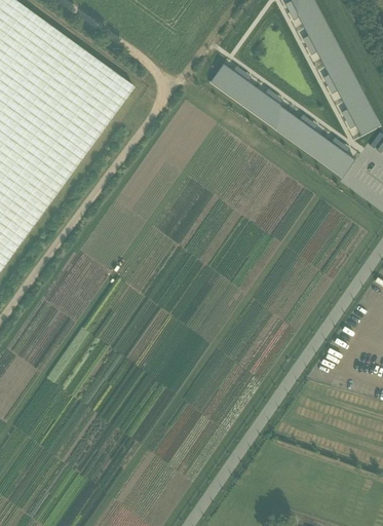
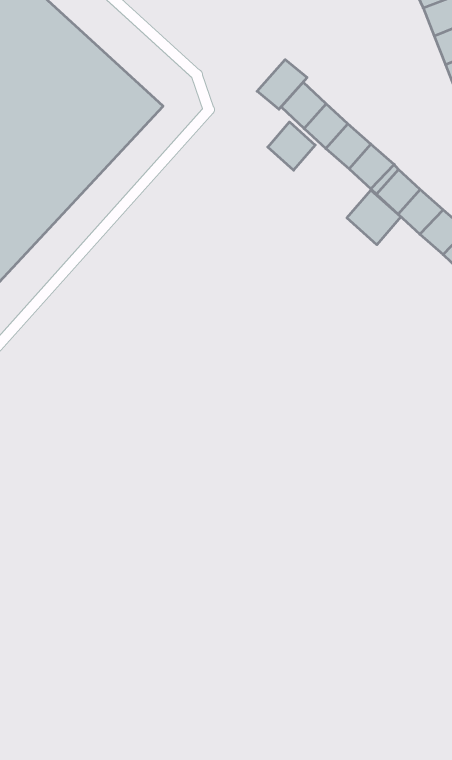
building: none -> [257,60,307,109]
building: none -> [268,122,315,170]
building: none -> [347,190,401,245]

